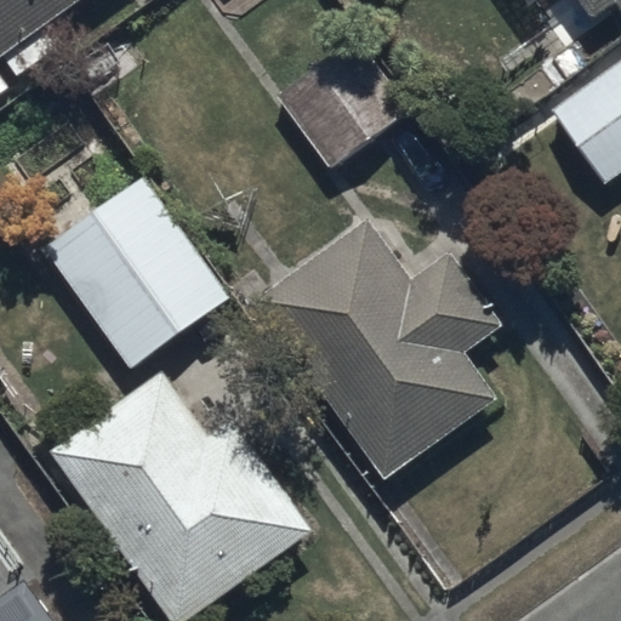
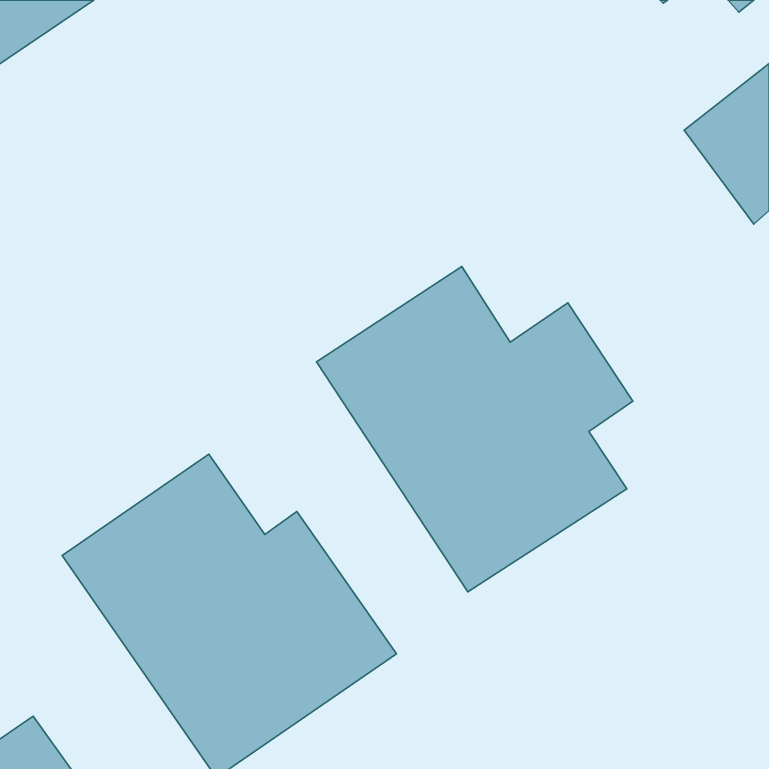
building: [274,39,404,169] -> none
building: [44,177,232,370] -> none

